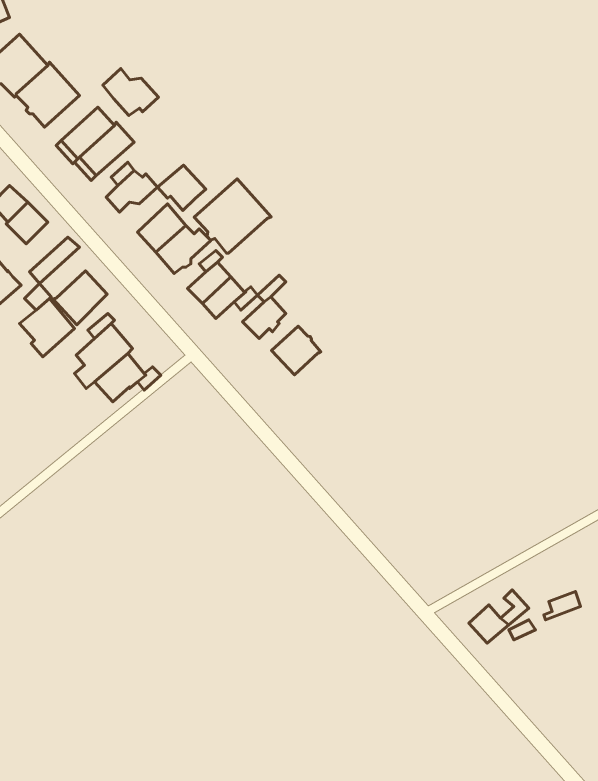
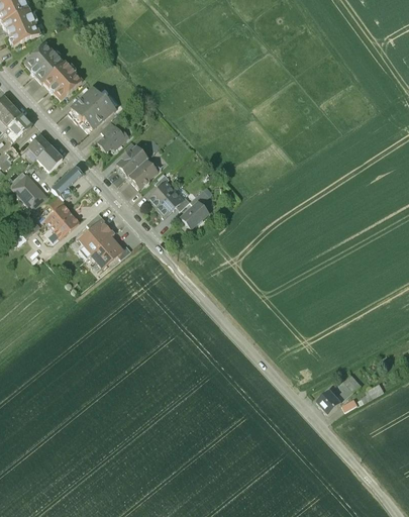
building: [103,69,158,115] -> none
building: [158,165,206,210] -> none
building: [194,179,271,253] -> none
building: [53,271,107,325] -> none
building: [272,326,321,375] -> none

